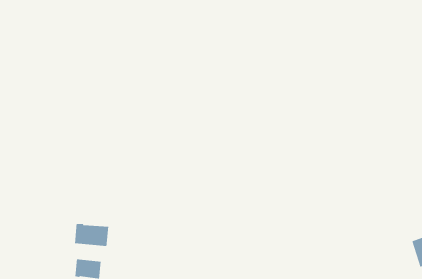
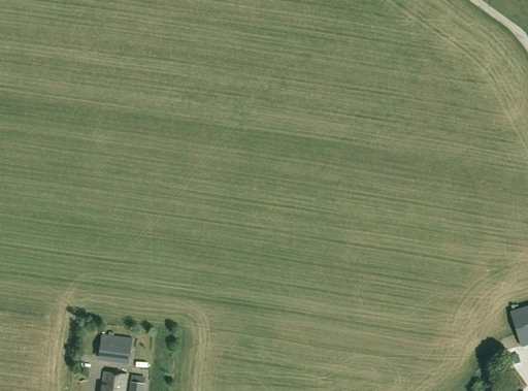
building: [74,223,109,247] -> none

